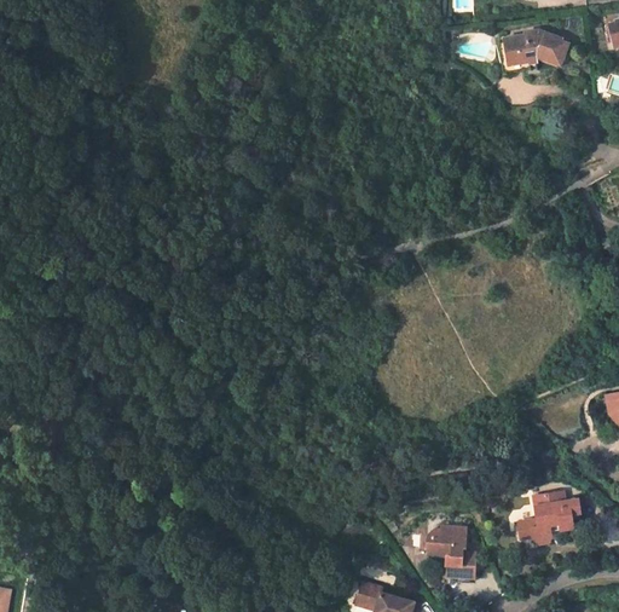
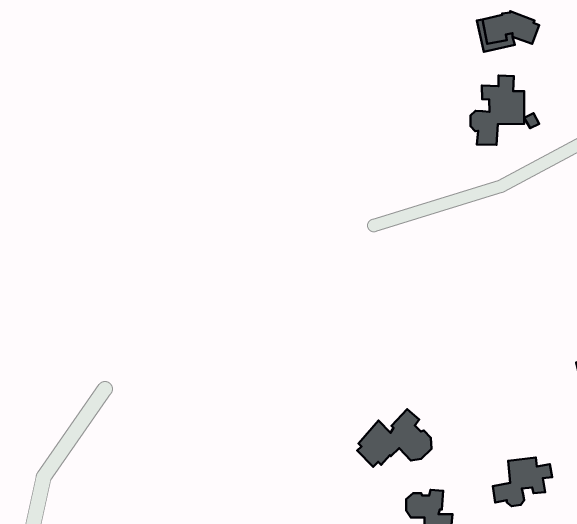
building: none -> [470,75,524,145]
building: none -> [357,409,432,467]

